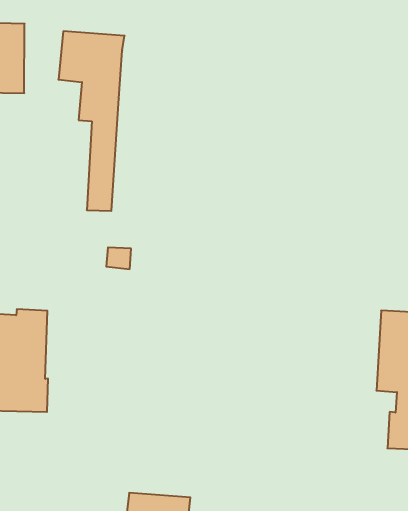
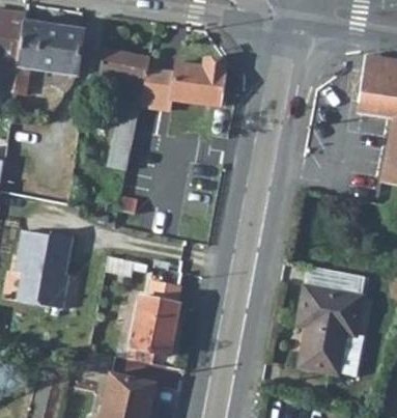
building: none -> [143,57,231,96]
building: none -> [126,282,181,364]

